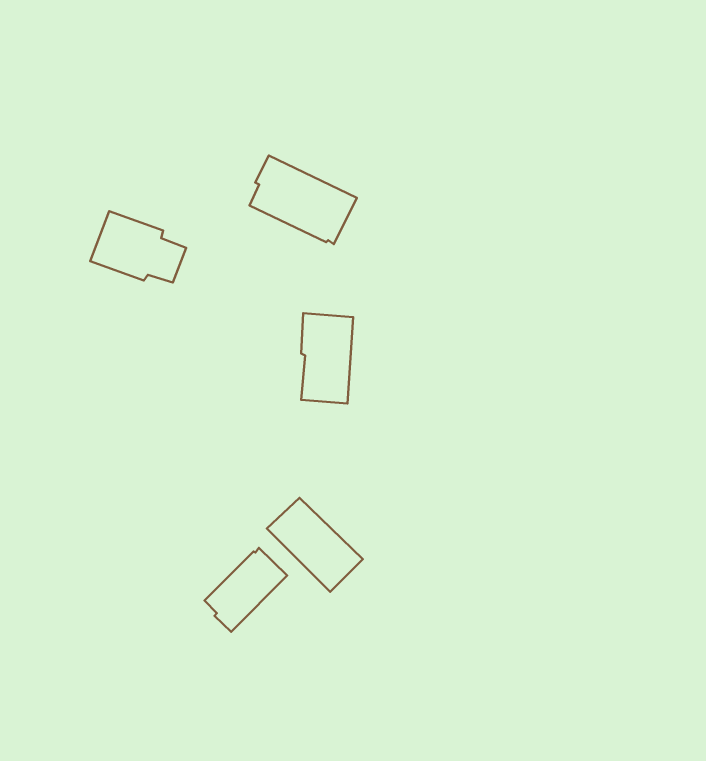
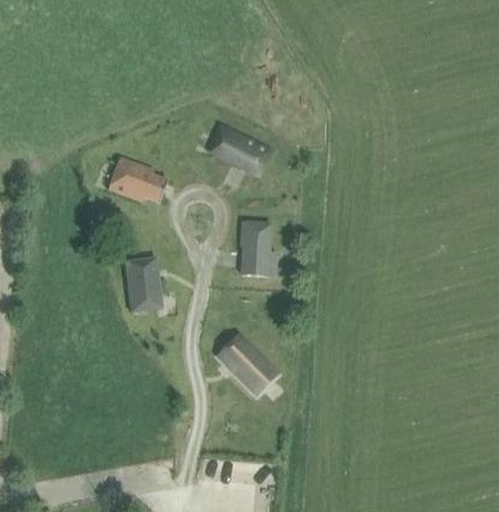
building: none -> [124,257,161,310]
building: [205,548,287,632] -> none

